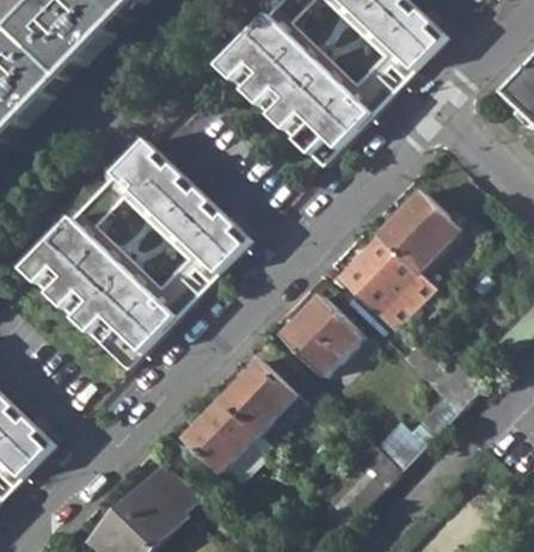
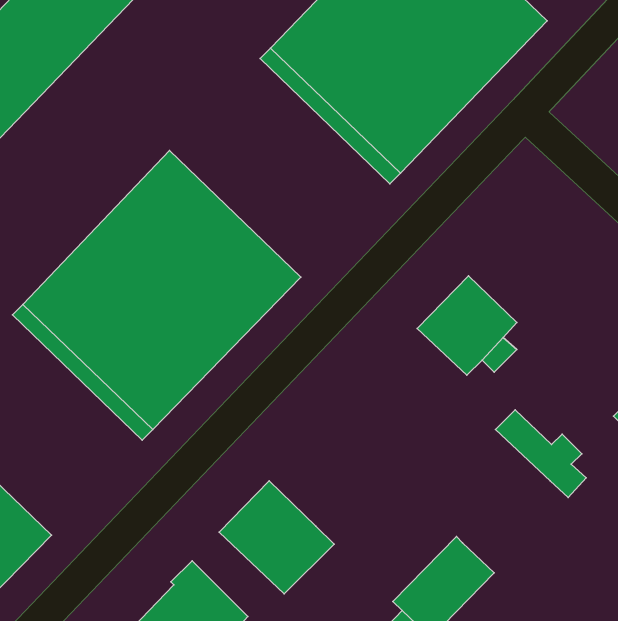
building: [379,192,460,272] -> none
building: [281,295,362,375] -> none
building: [221,360,295,434] -> none
building: [374,398,458,471] -> none

